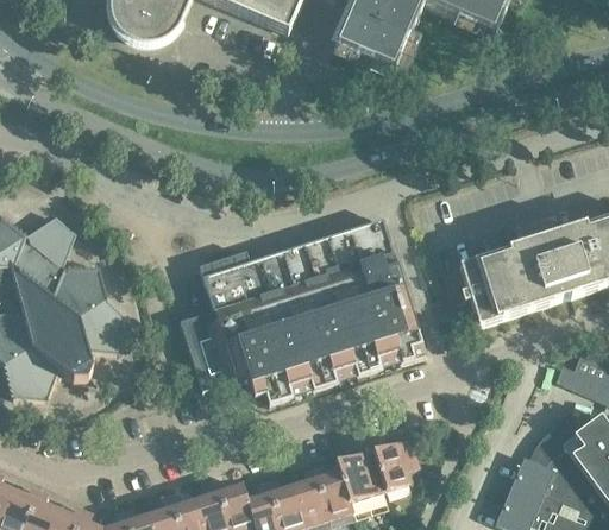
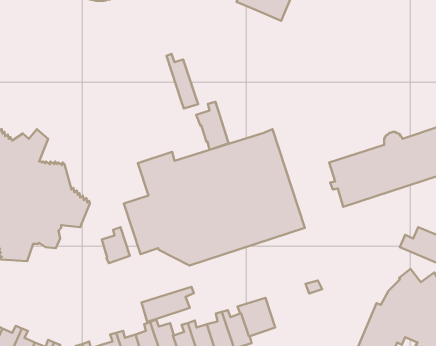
building: none -> [167,54,198,109]
building: none -> [196,102,229,150]
building: none -> [102,227,130,263]
building: none -> [141,287,194,322]
building: [372,437,420,490] -> none

